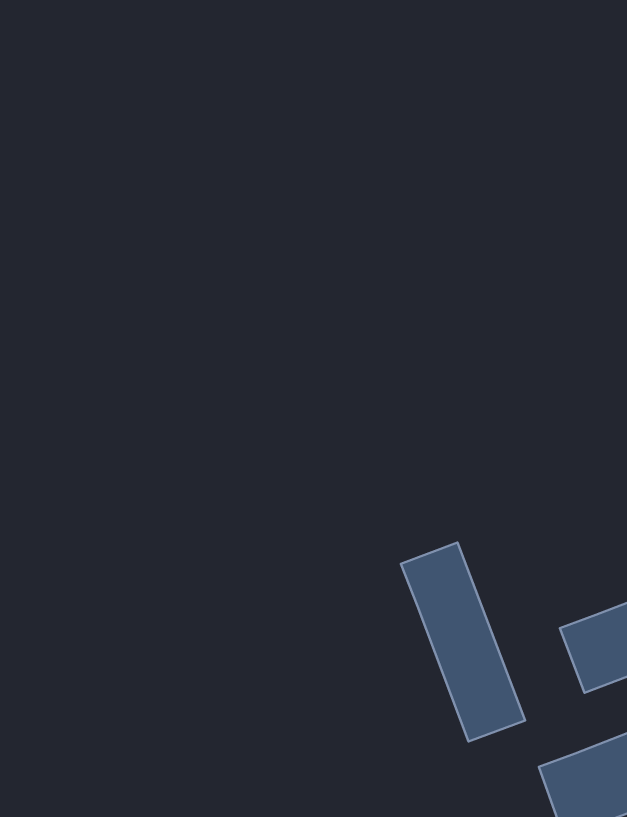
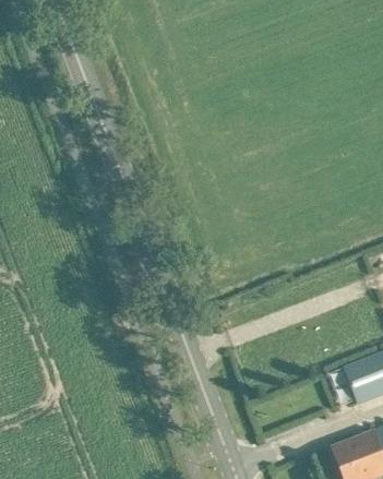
building: [401,543,525,742] -> none

